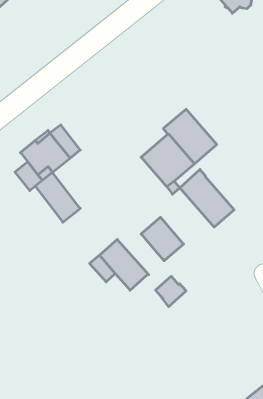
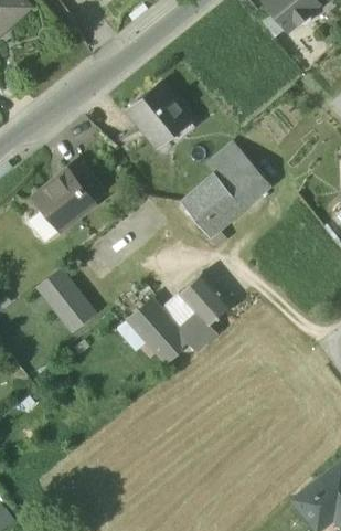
building: none -> [127,83,193,145]
building: [180,169,234,227] -> none
building: [35,172,80,222] -> [40,270,94,330]
building: [156,276,186,307] -> [180,316,216,352]

